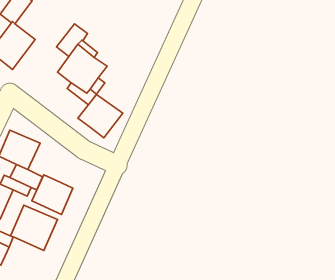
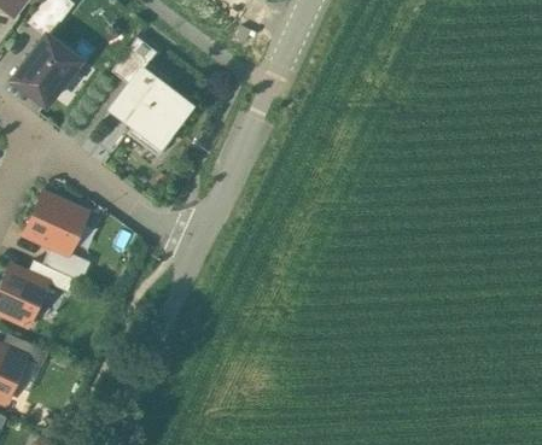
building: [78,95,123,138] -> none
building: [32,175,73,215] -> none
building: [10,205,58,250] -> none

